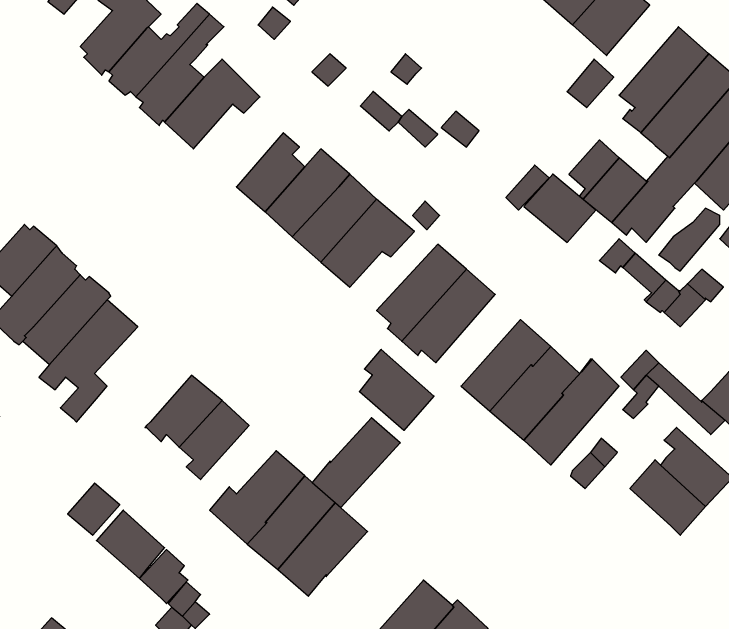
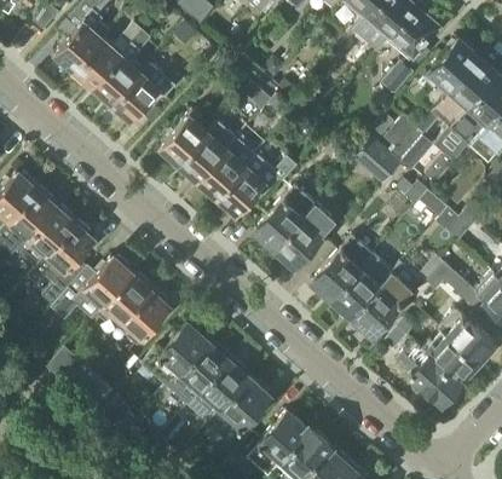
building: [359,349,434,430] -> none
building: none -> [51,256,131,319]
building: [312,418,400,508] -> [209,379,269,439]
building: none -> [397,340,460,400]

